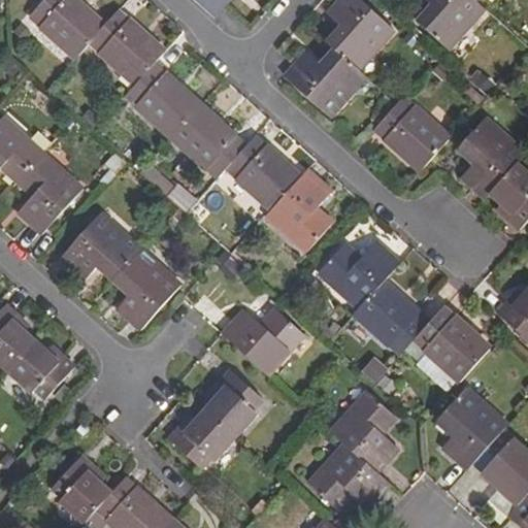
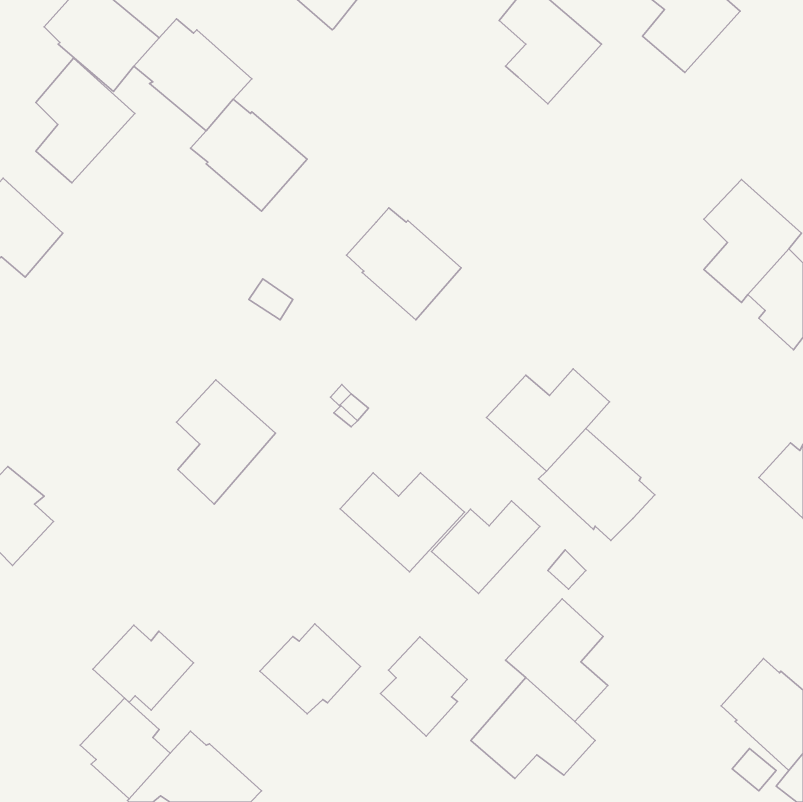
building: [285,51,366,116] -> none
building: [375,96,452,170] -> none
building: [171,104,246,177] -> none
building: [16,153,81,234] -> [36,58,135,183]
building: [266,170,333,252] -> none
building: [60,213,141,279] -> none
building: [415,308,491,382] -> none
building: none -> [431,501,540,594]
building: [8,341,74,397] -> [93,625,194,710]
building: [206,371,263,436] -> [380,637,467,736]
building: [440,388,506,469] -> none

